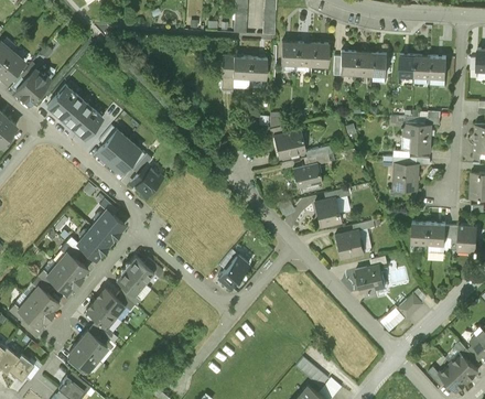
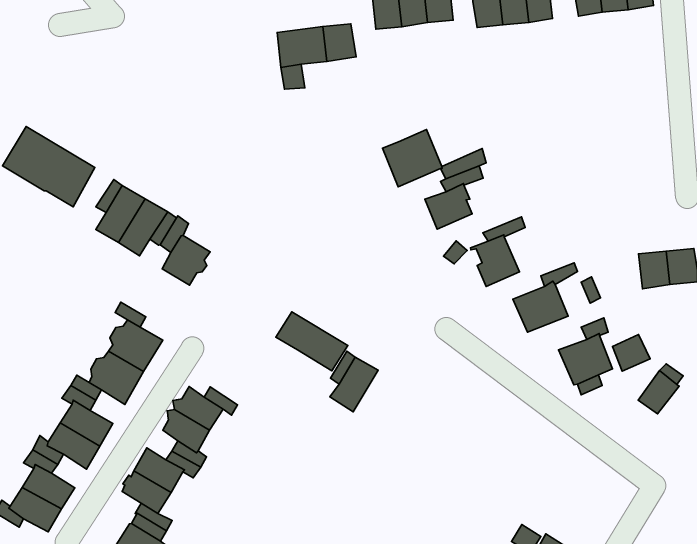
building: [401,123,431,152] -> none
building: [394,164,419,191] -> none
building: none -> [276,312,348,371]

